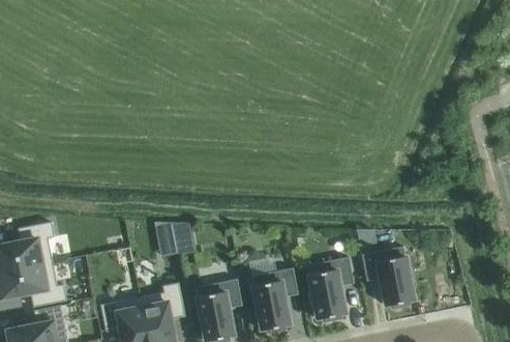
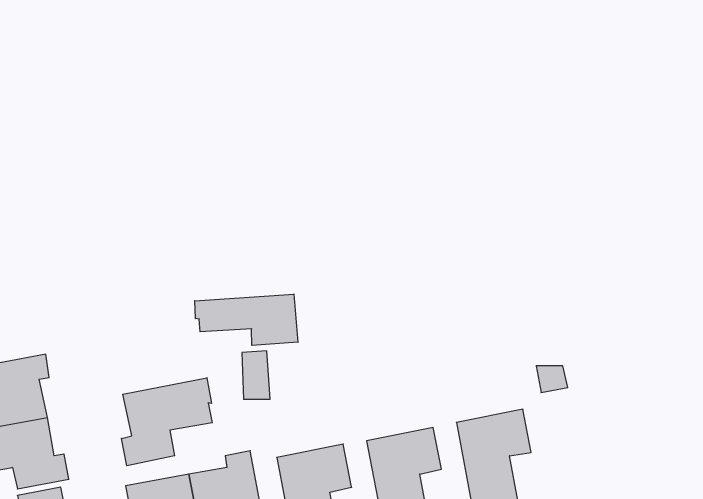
building: none -> [195,294,298,345]
building: none -> [121,378,212,466]
building: [361,247,413,309] -> none

